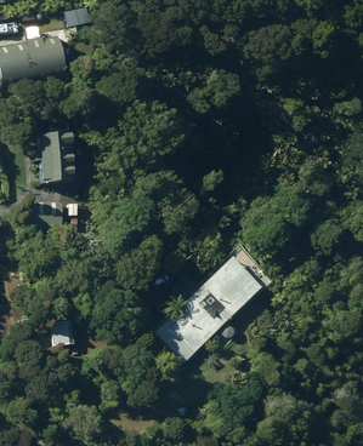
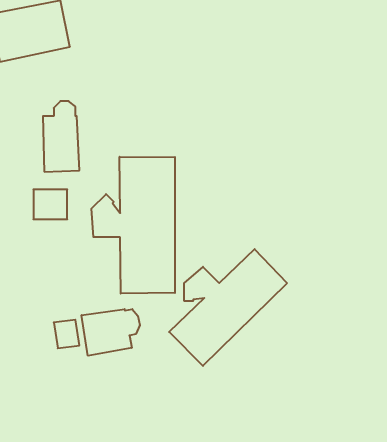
building: none -> [92,157,175,294]
building: none -> [82,309,140,356]

